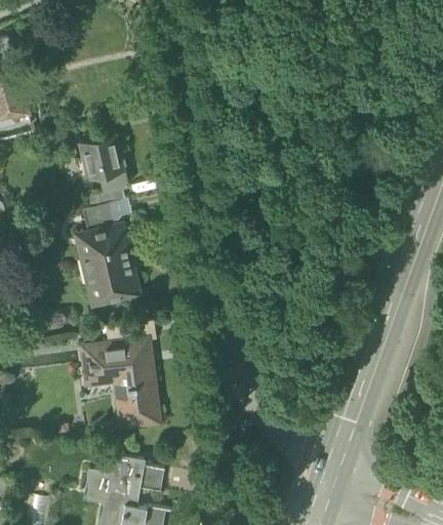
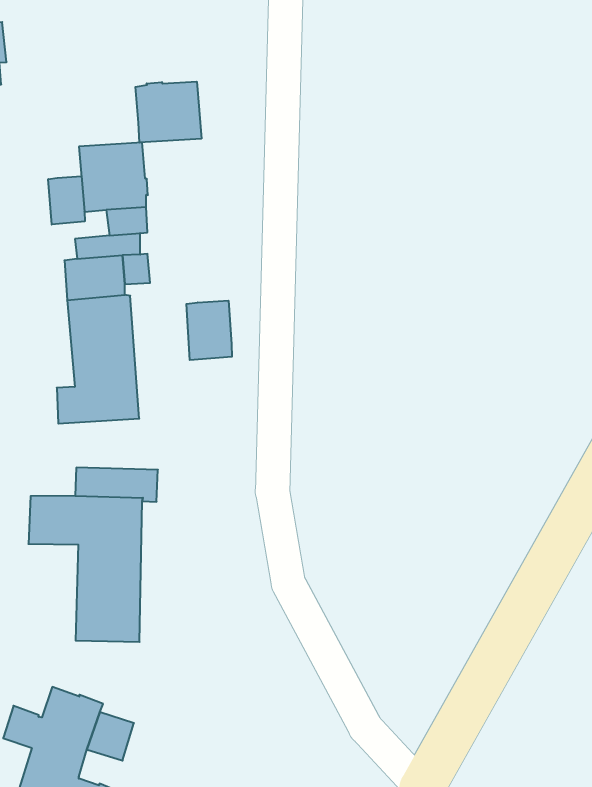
building: none -> [135,82,201,143]
building: none -> [48,176,85,225]
building: none -> [186,301,232,360]

